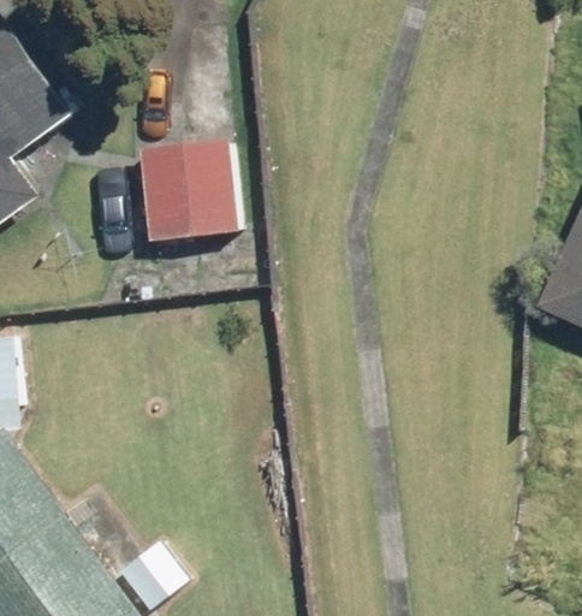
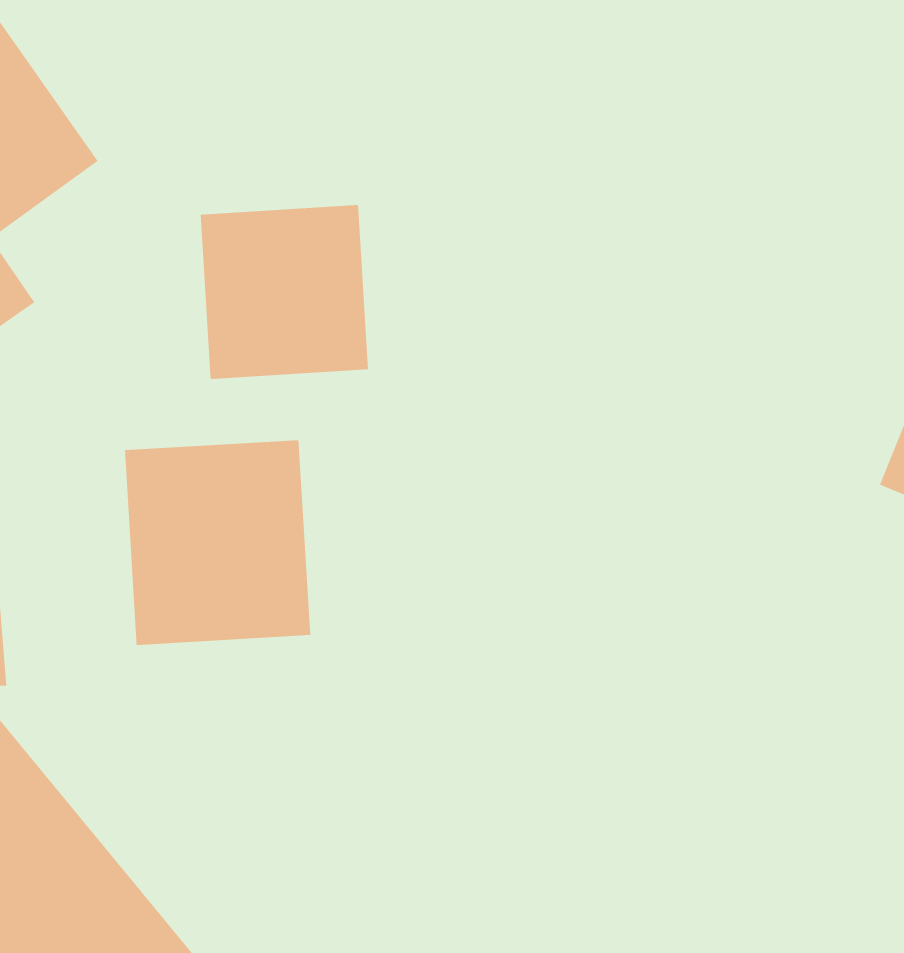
building: none -> [124,439,311,646]

